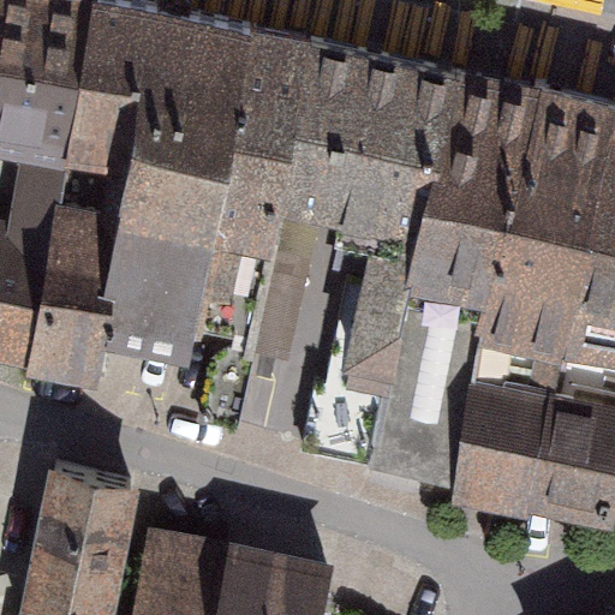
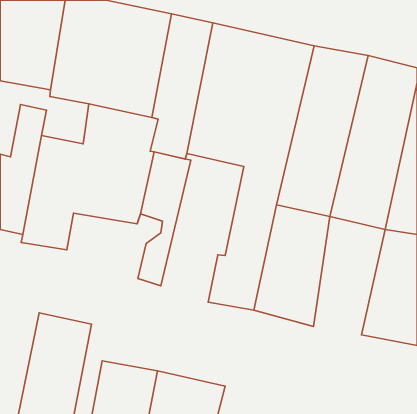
building: [461,323,567,497] -> none

